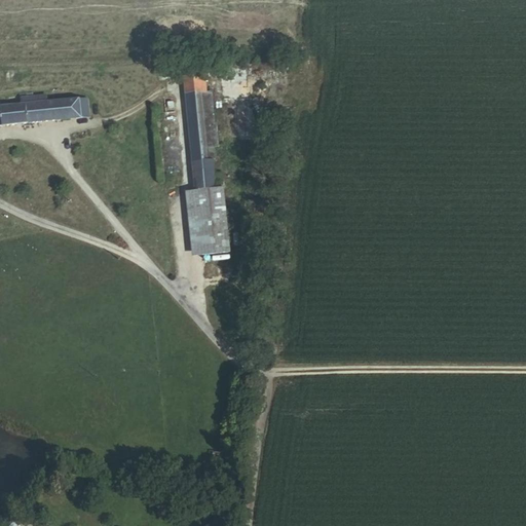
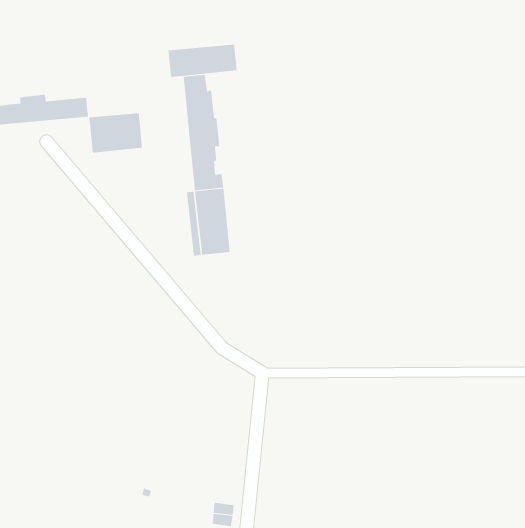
building: none -> [168,44,237,78]
building: none -> [89,113,143,154]

